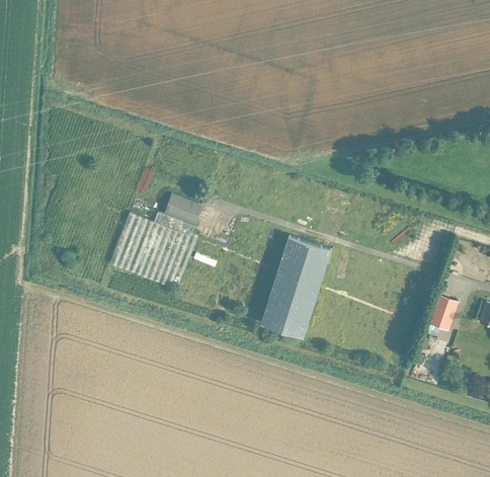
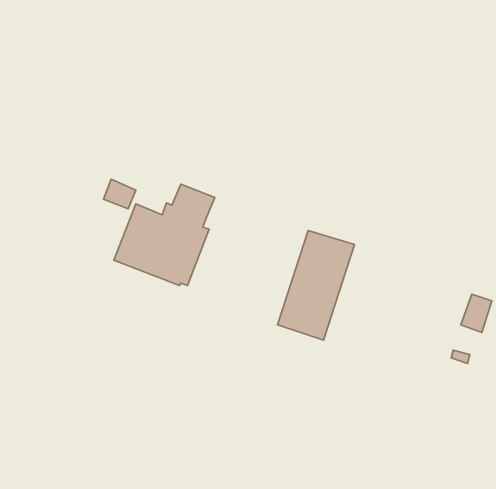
building: none -> [104,179,136,209]

